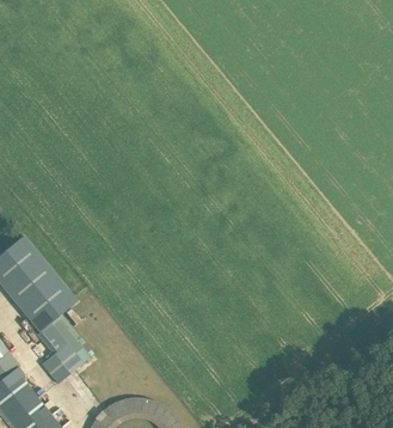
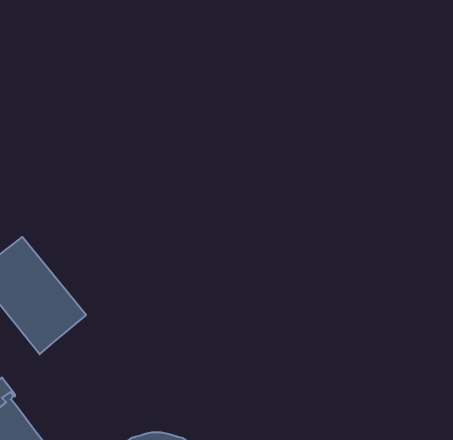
building: [37,318,90,383] -> none

